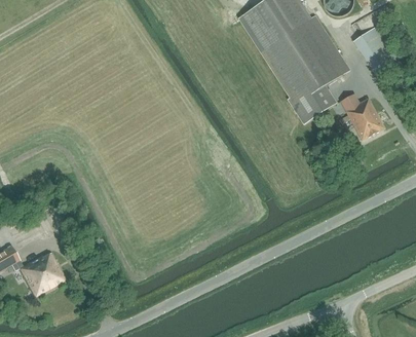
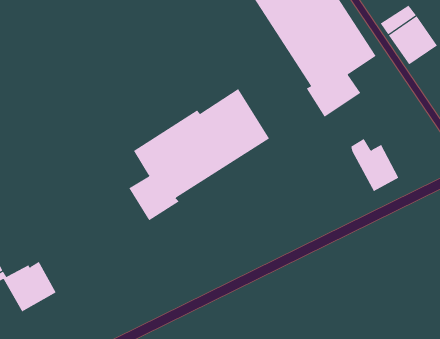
building: [341,92,384,140] -> [350,138,399,192]
building: none -> [128,88,270,221]

